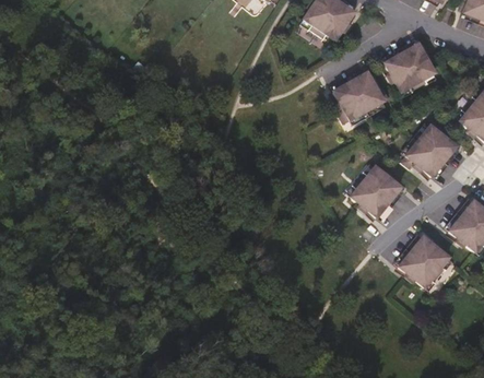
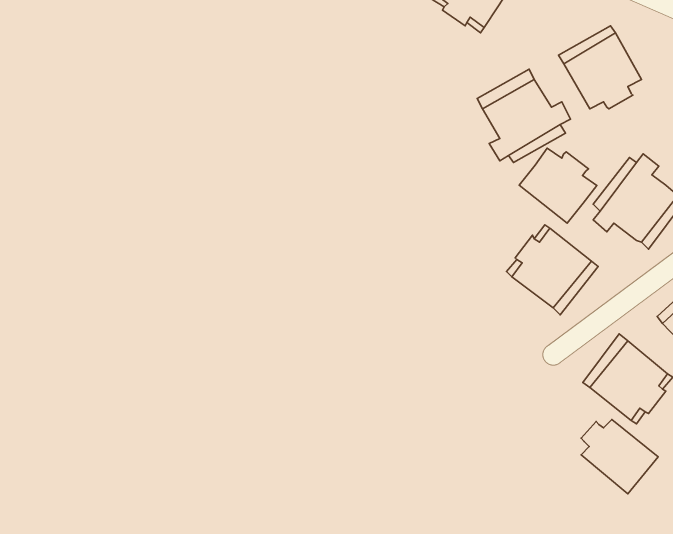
building: none -> [519,148,597,223]
building: none -> [581,419,658,494]

